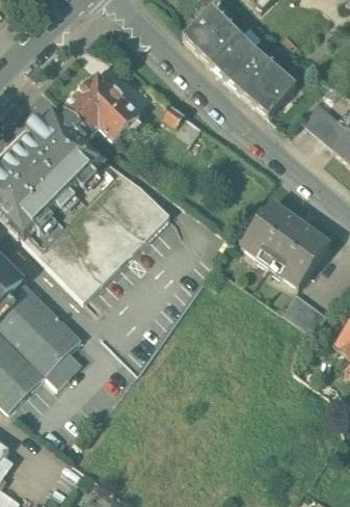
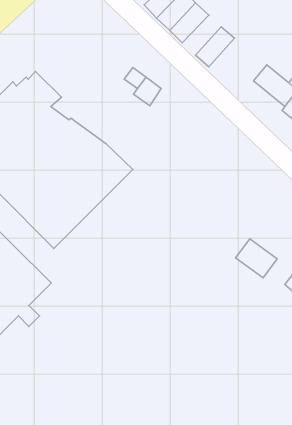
building: [223,46,266,89] -> none
building: [61,71,140,141] -> none
building: [252,71,295,115] -> none
building: [241,203,328,286] -> none

